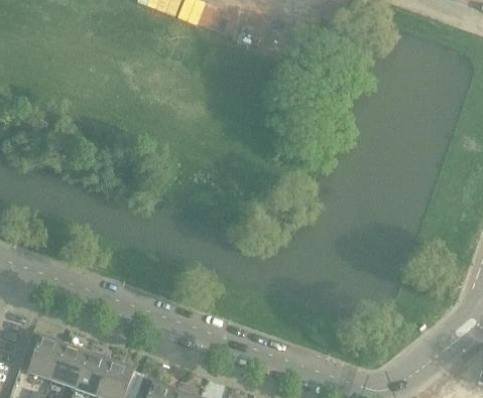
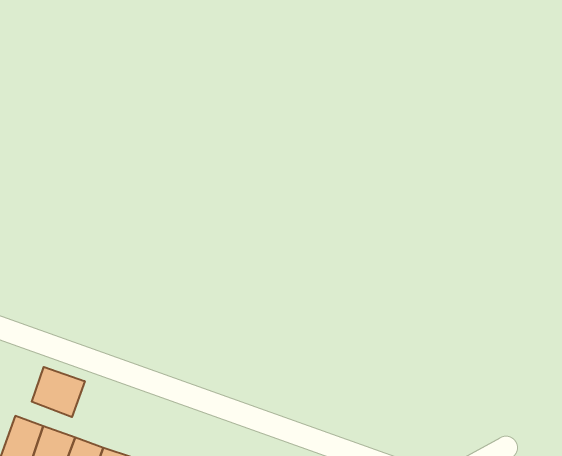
building: none -> [32,367,85,417]

